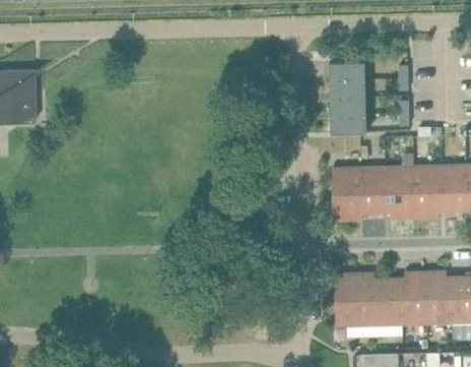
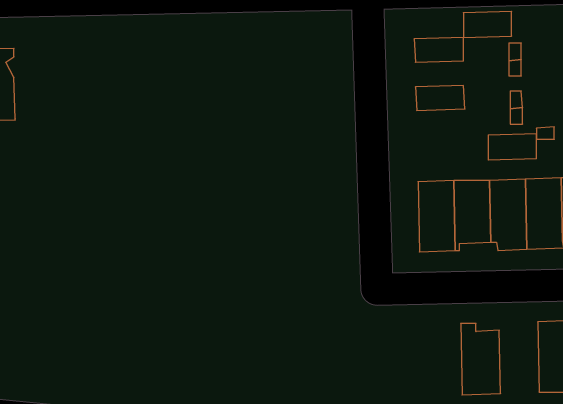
building: [330,78,365,98] -> [463,11,512,38]
building: [331,114,366,133] -> [488,134,536,160]
building: [392,271,421,324] -> none
building: [335,272,364,325] -> none

